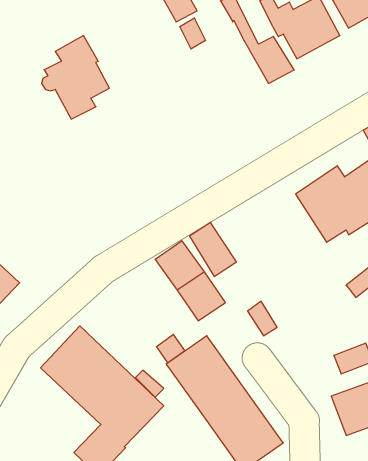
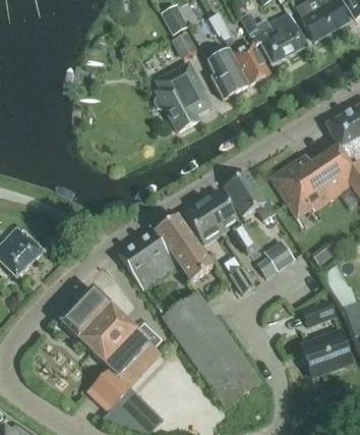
building: [42,35,109,119] -> [155,61,211,130]
building: none -> [201,46,248,98]
building: none -> [225,170,276,220]
building: none -> [200,187,259,253]
building: none -> [119,231,177,288]
building: none -> [263,237,295,270]

